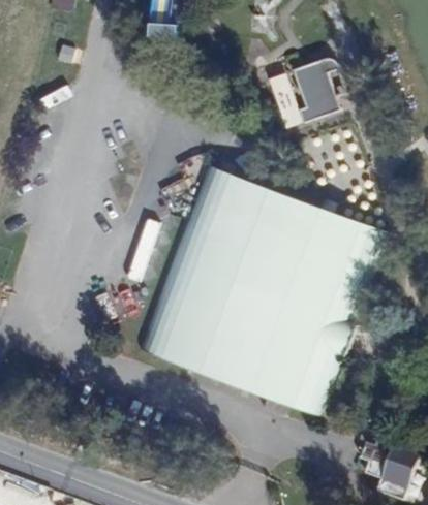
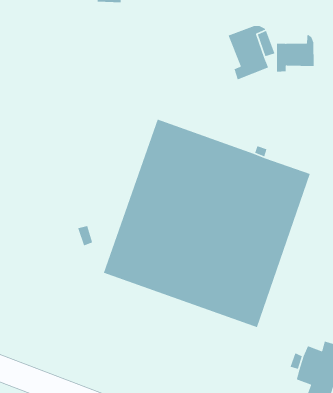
building: none -> [276,33,314,73]

